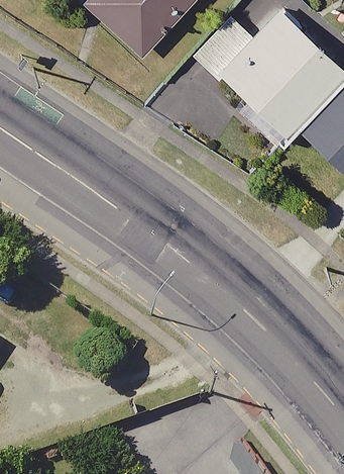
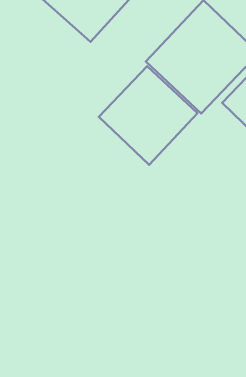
building: none -> [99,66,198,165]

